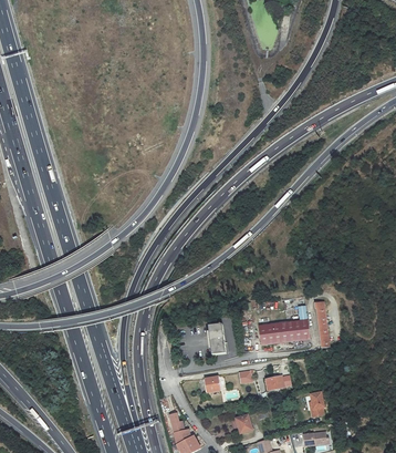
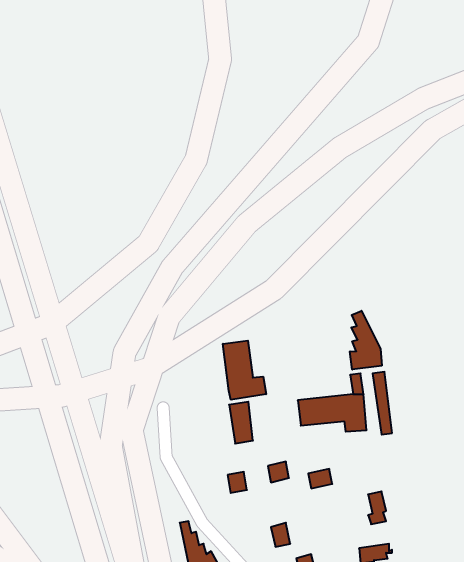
building: none -> [350,311,382,370]
building: none -> [223,341,266,400]

